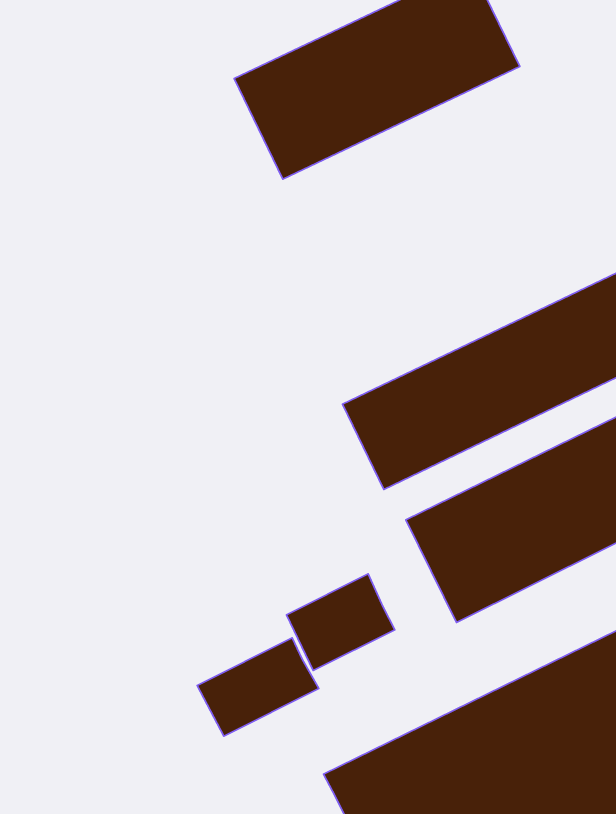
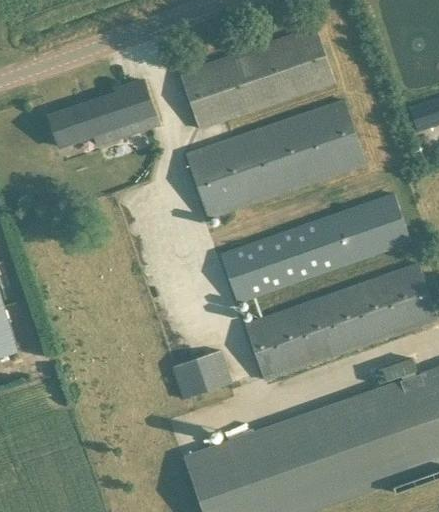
building: none -> [184,98,367,219]
building: none -> [50,80,159,146]
building: [197,638,319,736] -> none

